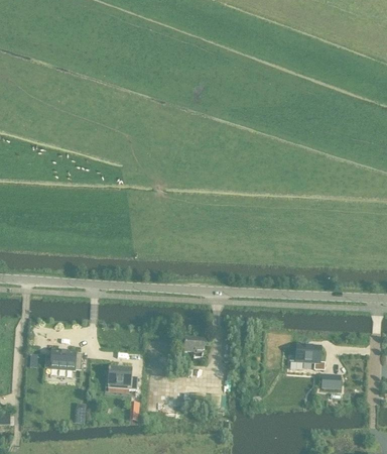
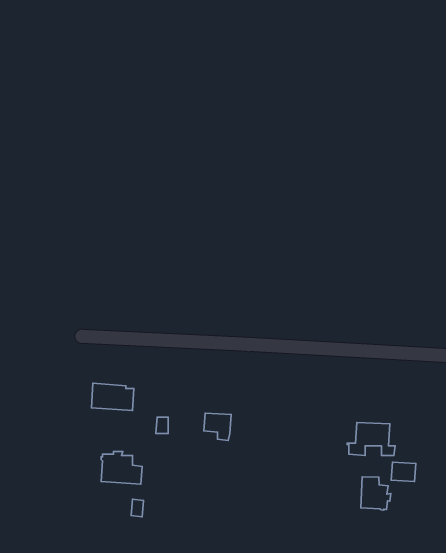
building: [49,350,81,370] -> [92,383,134,410]
building: none -> [361,477,391,510]

